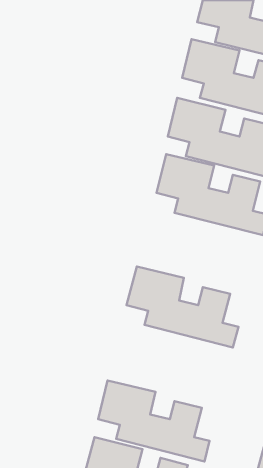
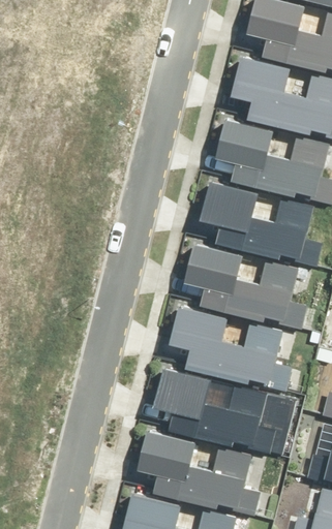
building: none -> [183,242,305,330]
building: none -> [151,365,274,453]

